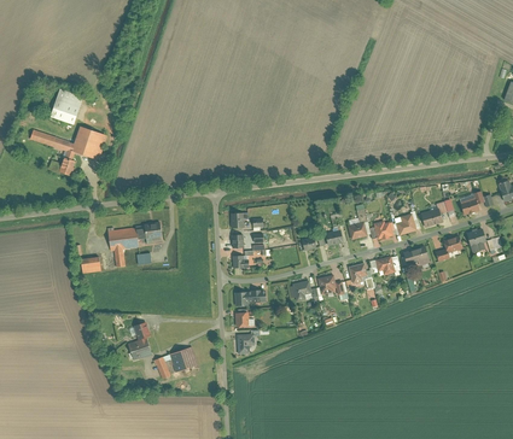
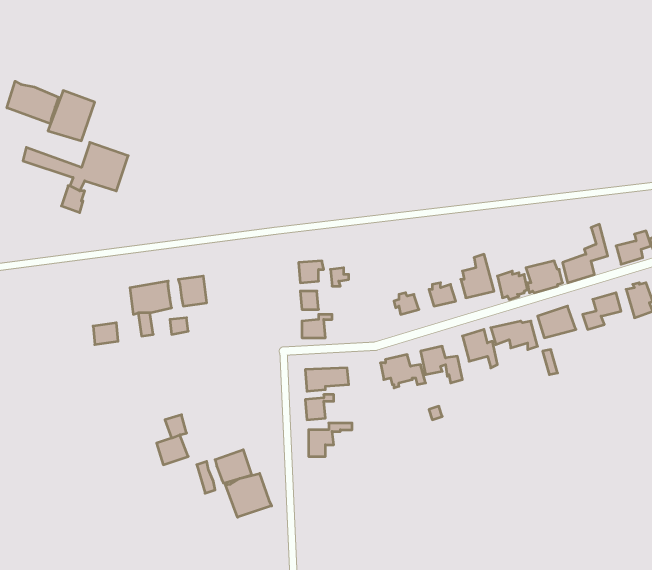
building: none -> [7,81,59,124]
building: none -> [225,473,272,517]

